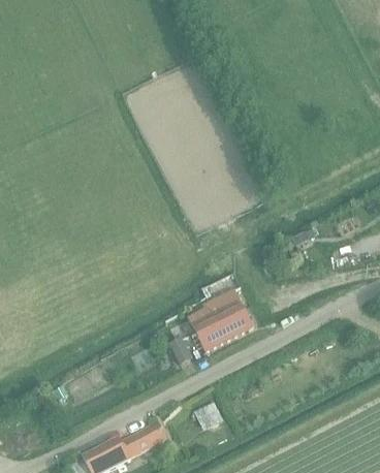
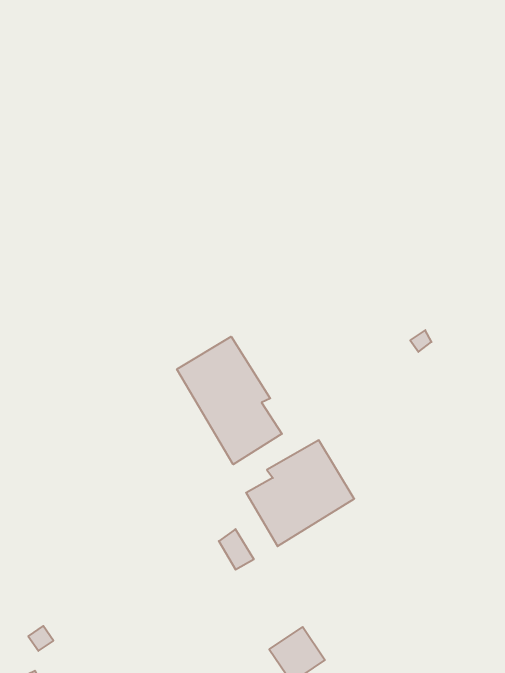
building: none -> [177,337,282,464]

